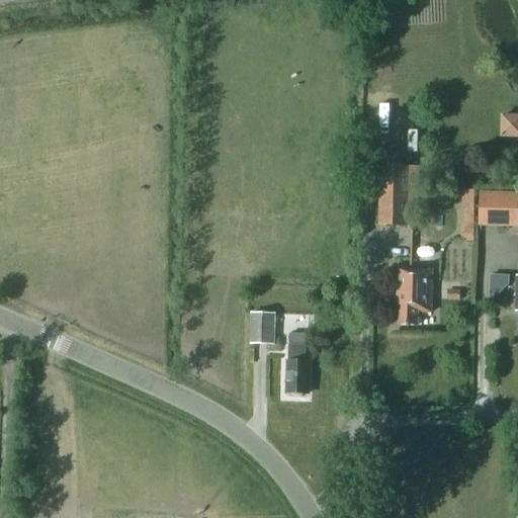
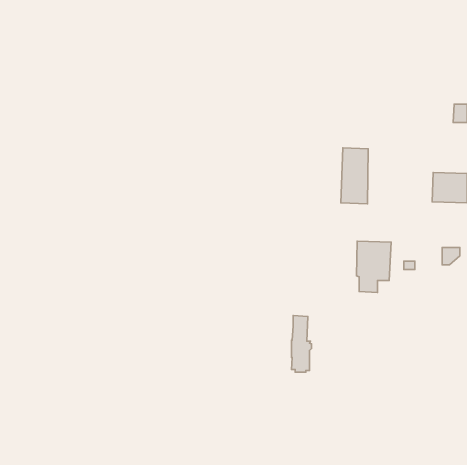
building: [252,312,275,343] -> none
building: [287,332,310,395] -> [291,316,311,372]

